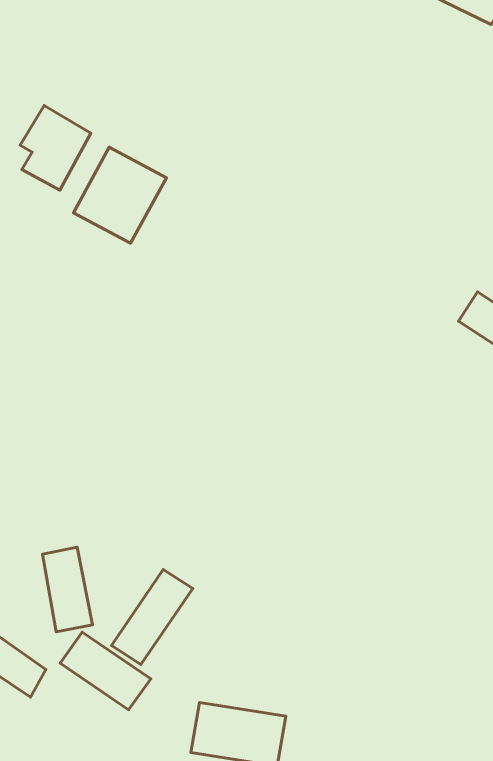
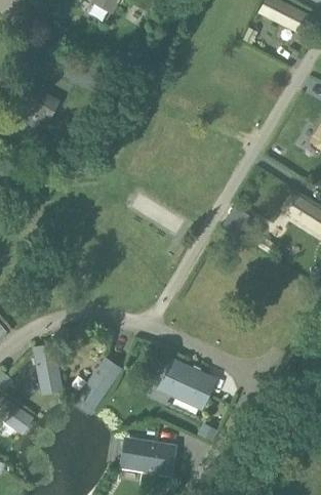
building: [73,147,166,243] -> none
building: none -> [157,359,214,410]
building: [60,632,151,710] -> none

